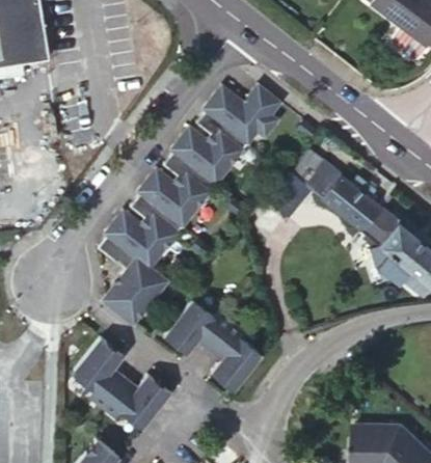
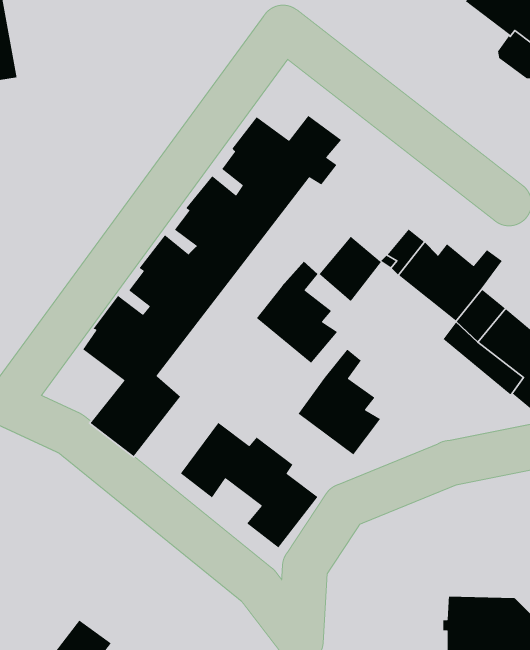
building: none -> [256,261,338,364]
building: none -> [298,348,381,455]
building: [74,338,171,429] -> none

